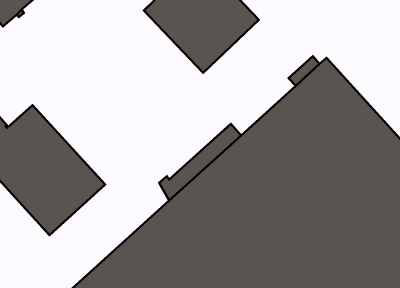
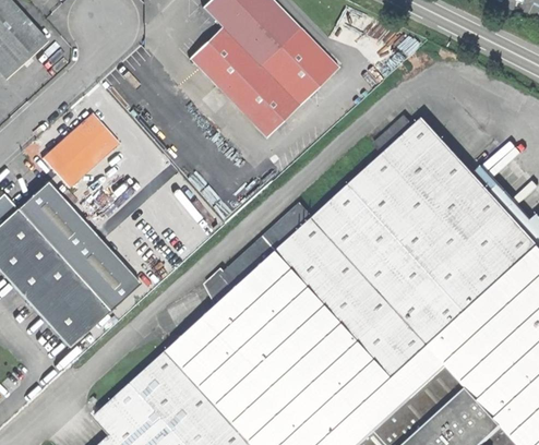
building: none -> [44,110,122,185]

